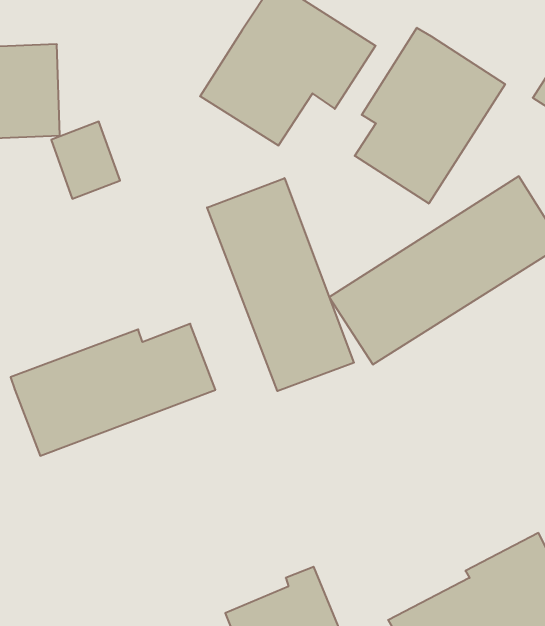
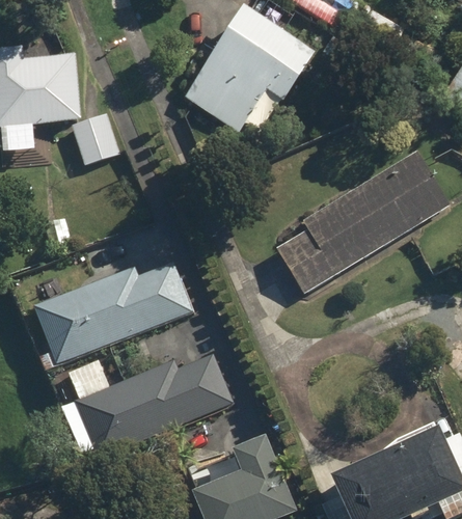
building: [355,28,505,204] -> none
building: [207,178,354,391] -> none
building: none -> [71,355,233,459]

